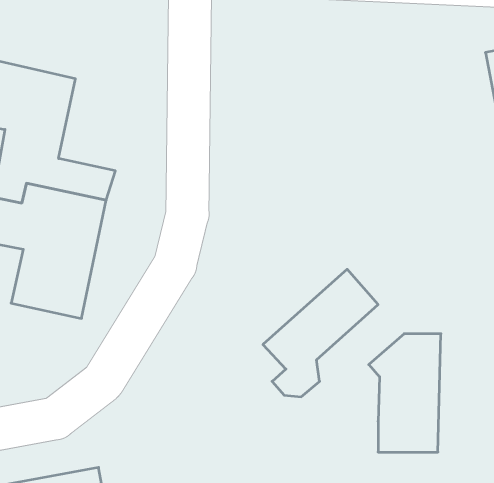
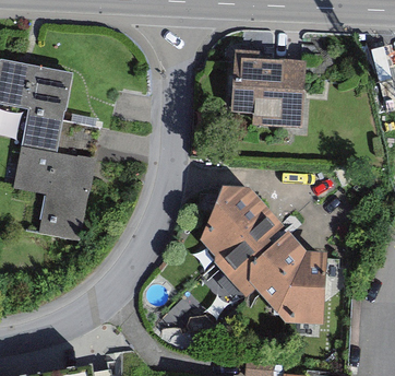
building: none -> [228,49,308,122]
building: none -> [200,190,271,267]
building: none -> [249,238,311,321]

